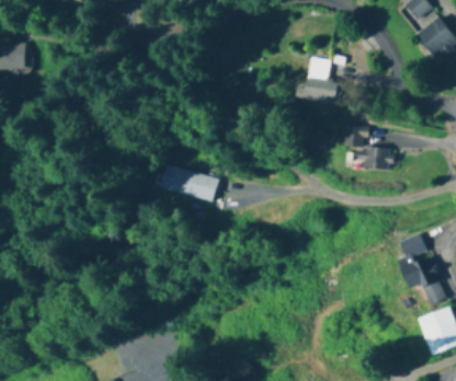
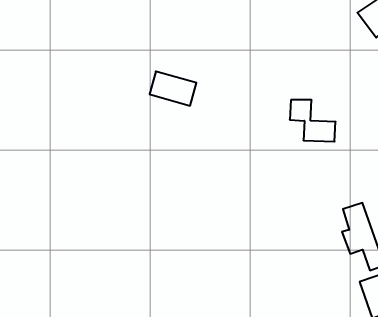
building: [303,57,341,104] -> none
building: [169,166,218,203] -> [150,71,196,106]

